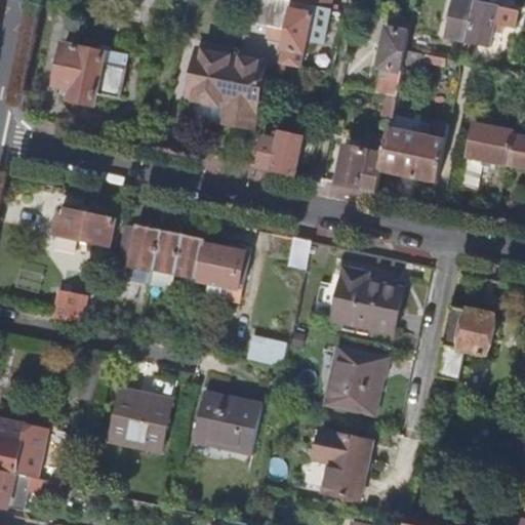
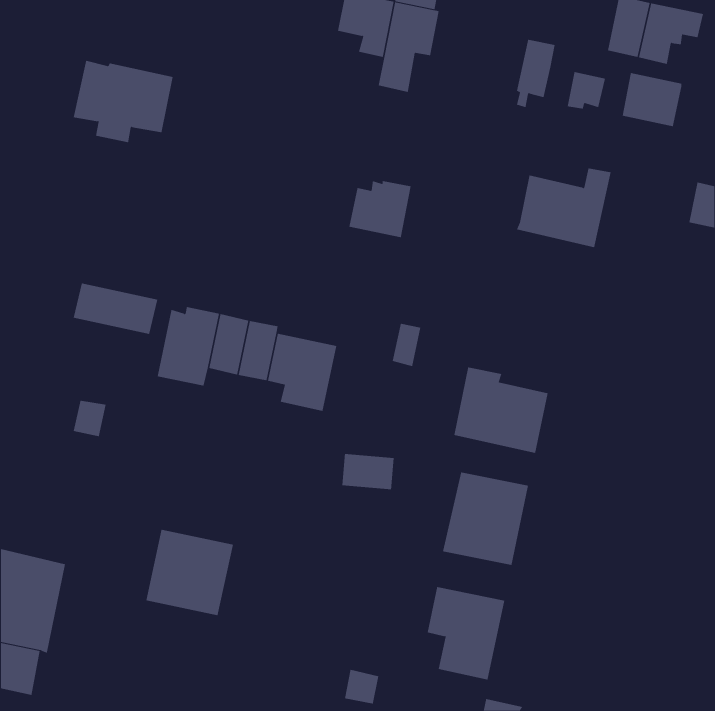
building: [186,49,265,129] -> none
building: [467,123,511,163] -> [622,72,682,127]
building: [336,146,380,192] -> none
building: [445,307,497,355] -> none
building: [192,389,261,453] -> none

